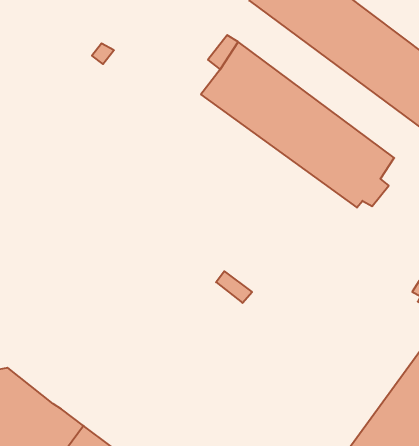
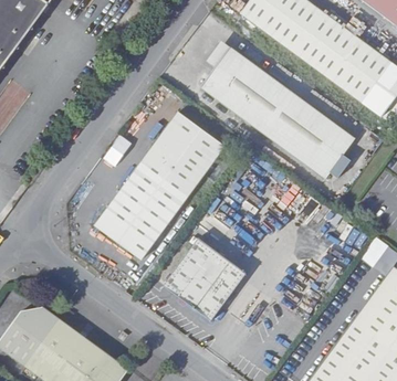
building: none -> [97,114,228,261]
building: none -> [166,239,250,322]

